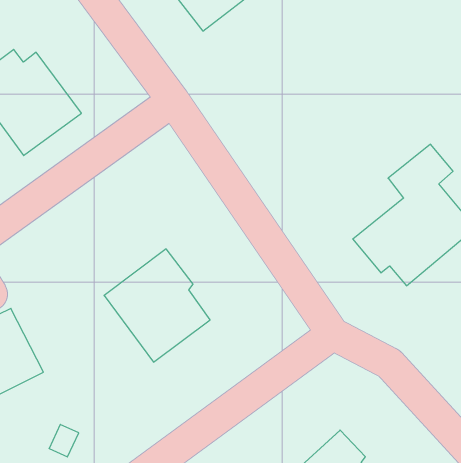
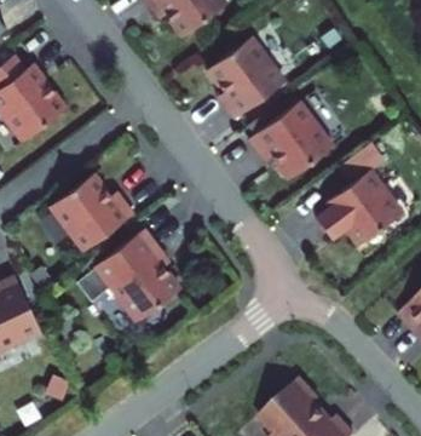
building: none -> [208,33,288,111]
building: none -> [247,99,333,178]
building: none -> [46,172,133,253]

